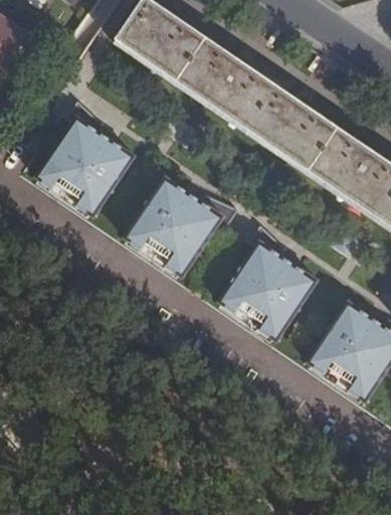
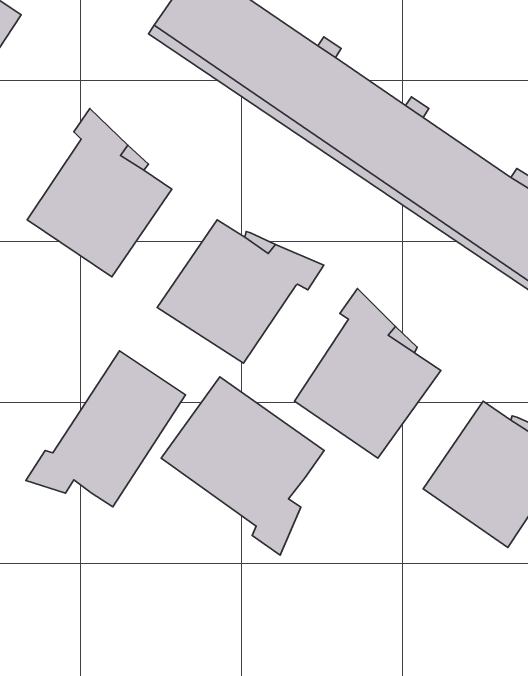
building: none -> [26,351,185,507]
building: none -> [161,377,324,555]

